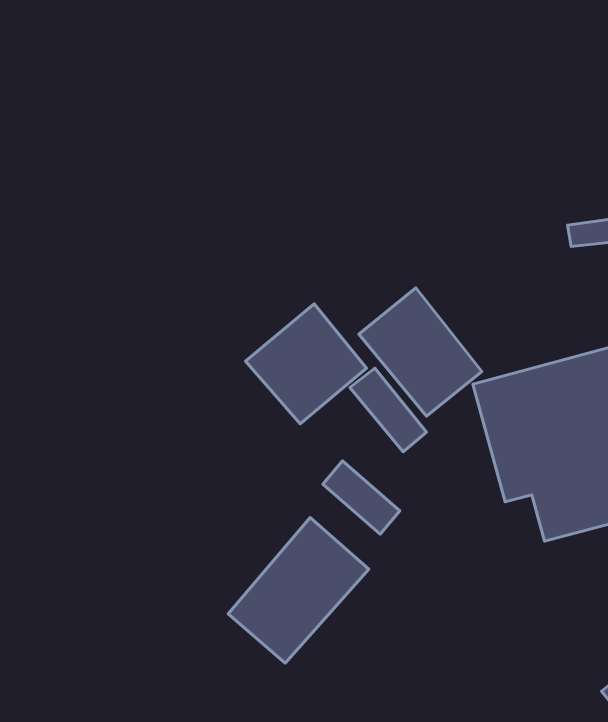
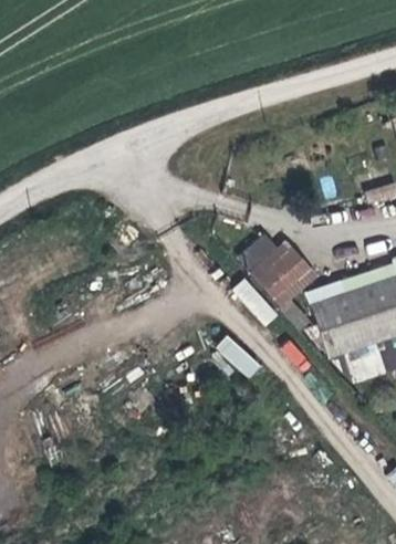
building: [245,304,367,424] -> none
building: [228,518,369,663] -> none

